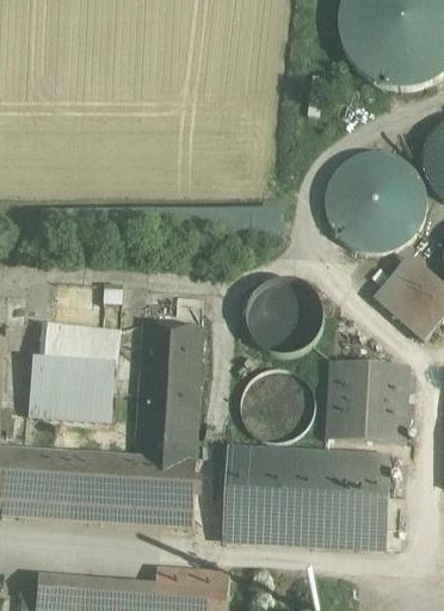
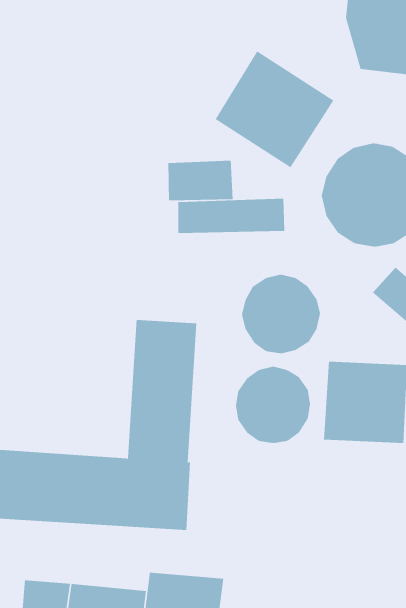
building: none -> [215,51,334,168]
building: none -> [168,160,233,201]
building: [27,320,122,424] -> none
building: [222,448,389,547] -> none

